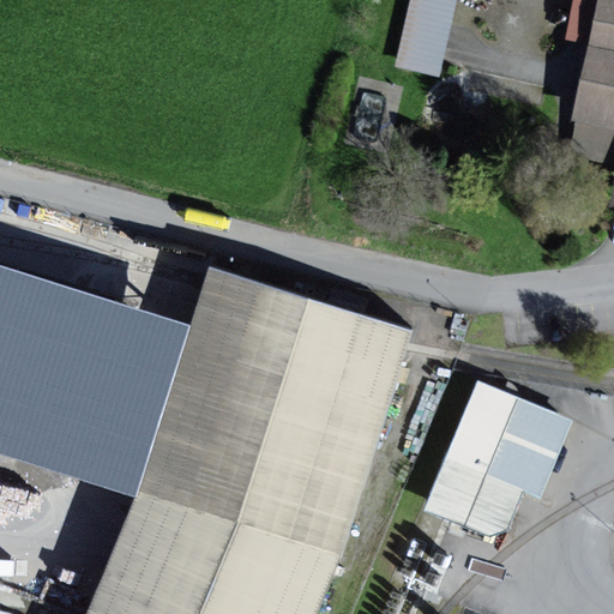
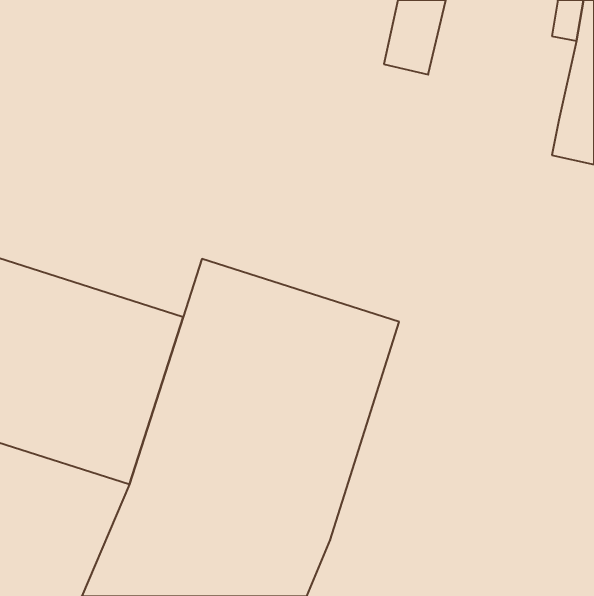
building: [428,378,577,538] -> none

